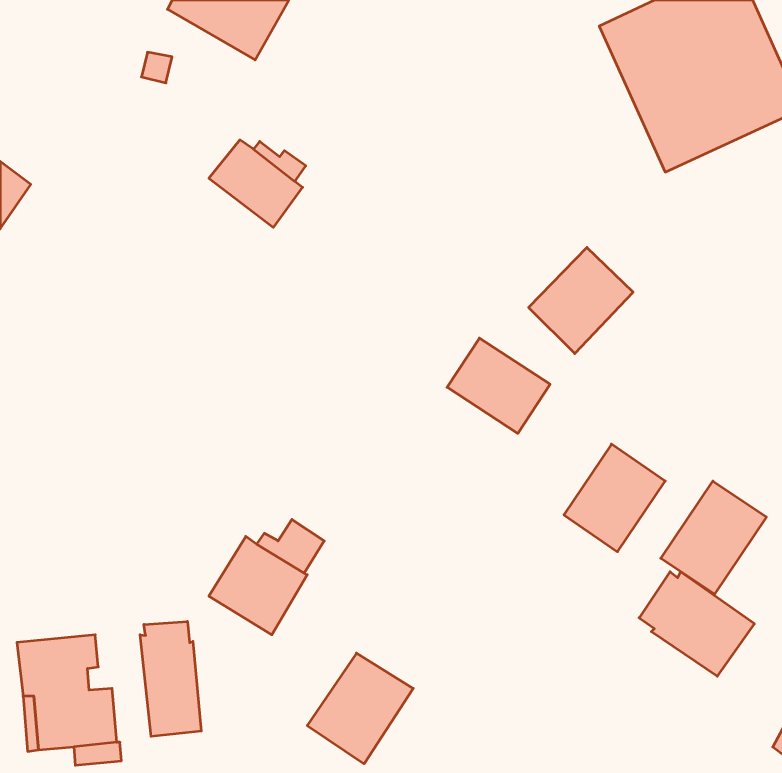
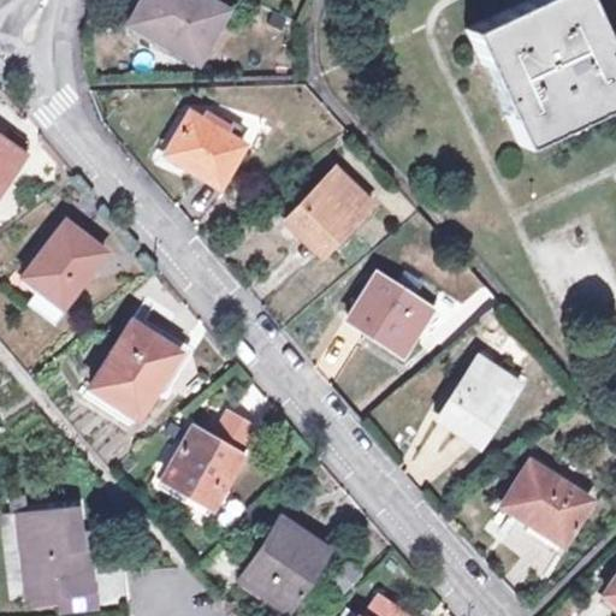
building: [529,247,633,354] -> [292,171,374,254]
building: none -> [23,223,106,322]
building: none -> [93,325,178,415]
building: [661,481,766,594] -> none
building: [140,621,201,736] -> none

